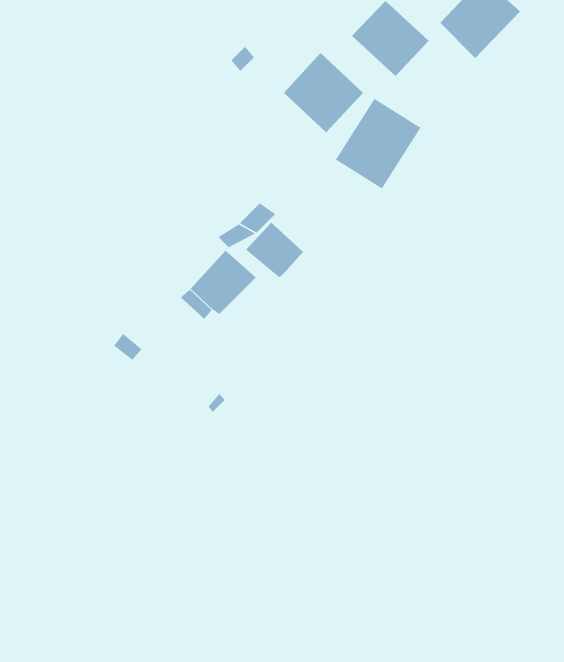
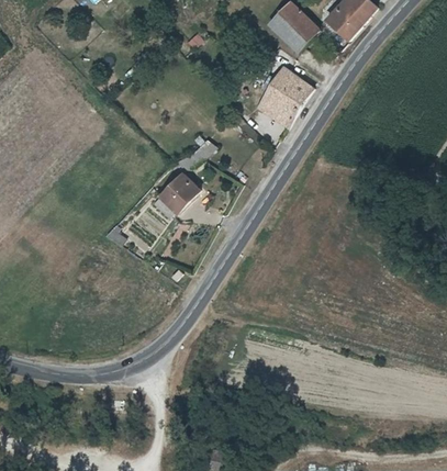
building: [283,52,364,133] -> none
building: [245,222,304,278] -> none

